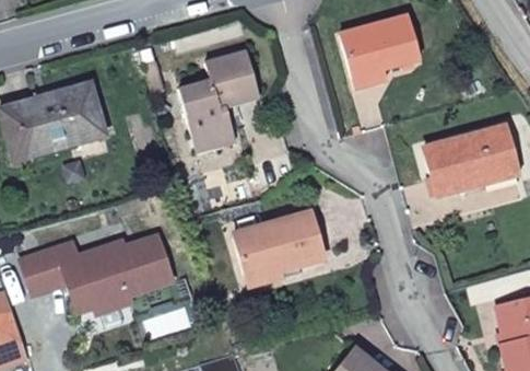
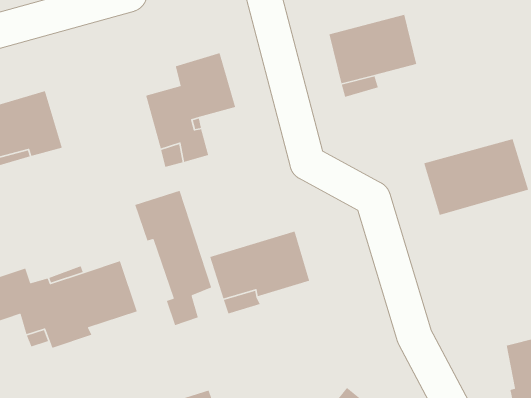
building: none -> [134,190,212,326]

